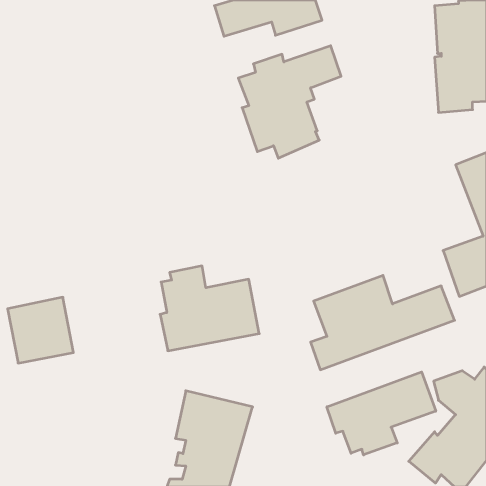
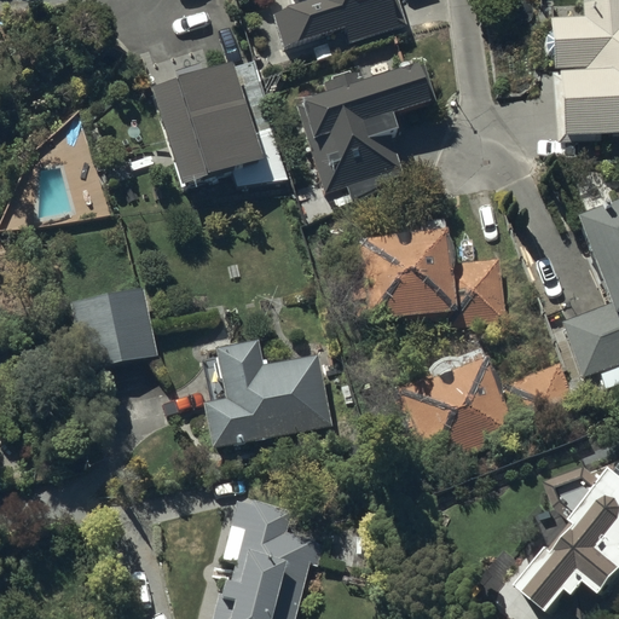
building: none -> [154,58,290,185]
building: none -> [359,225,508,329]
building: [8,297,73,363] -> [71,287,155,370]
building: [327,372,436,455] -> none

